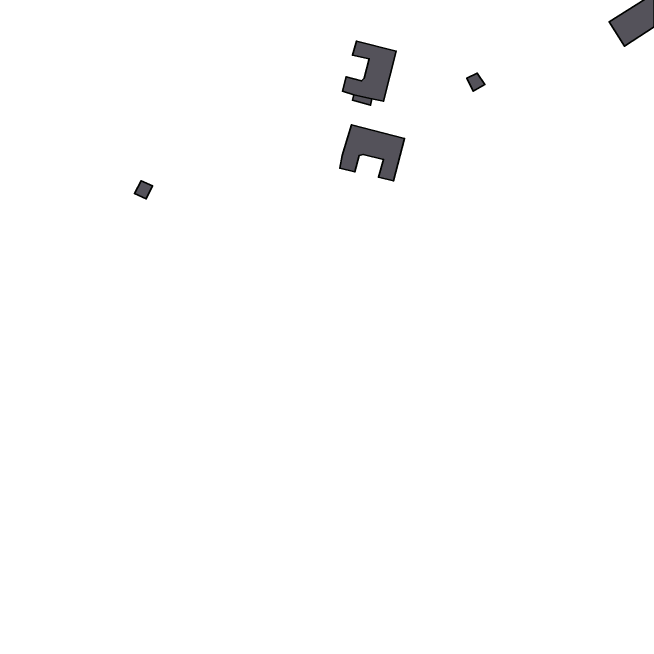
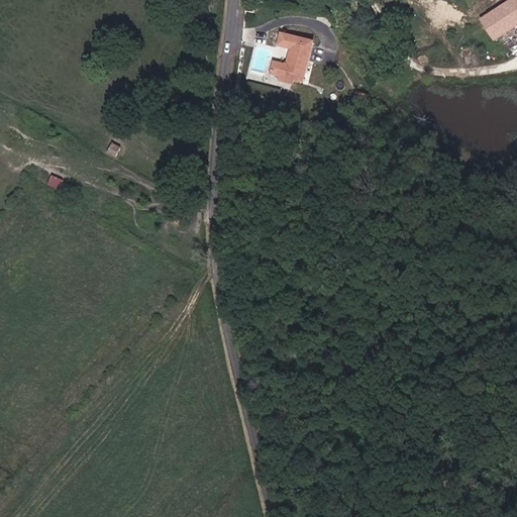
building: [340,125,404,181] -> none

